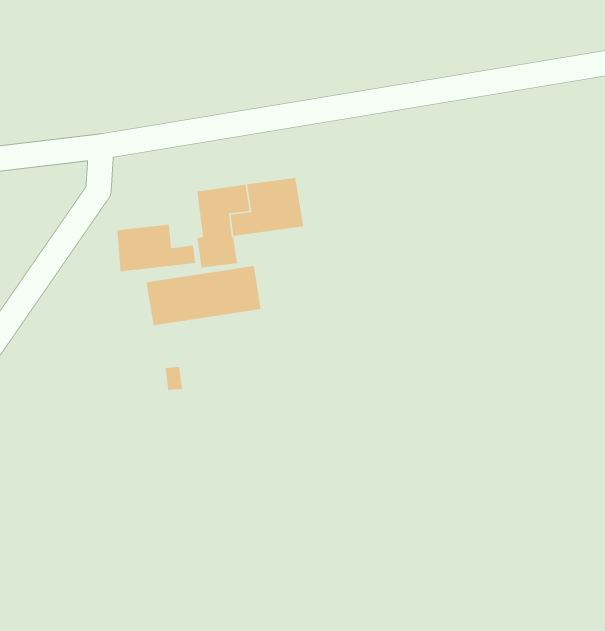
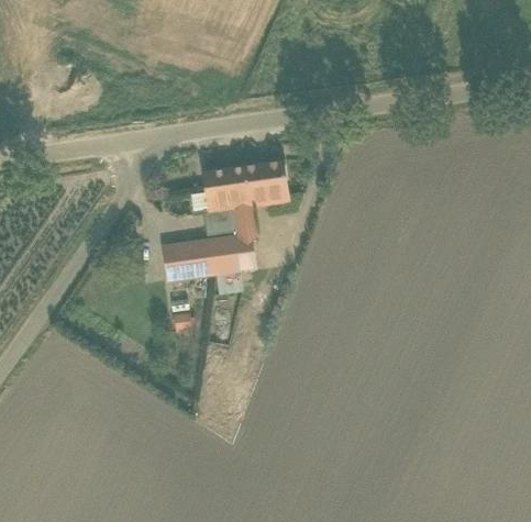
building: [117,224,196,272] -> none

